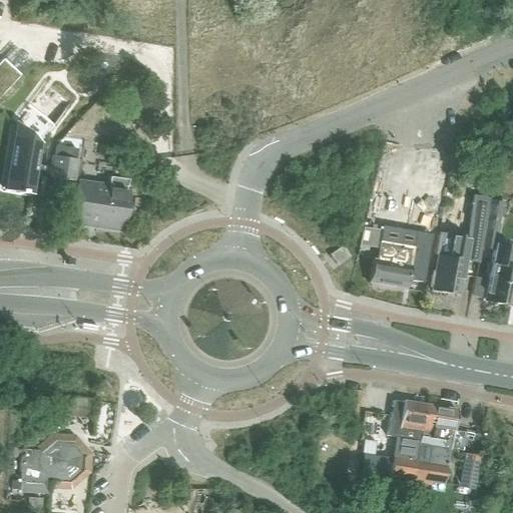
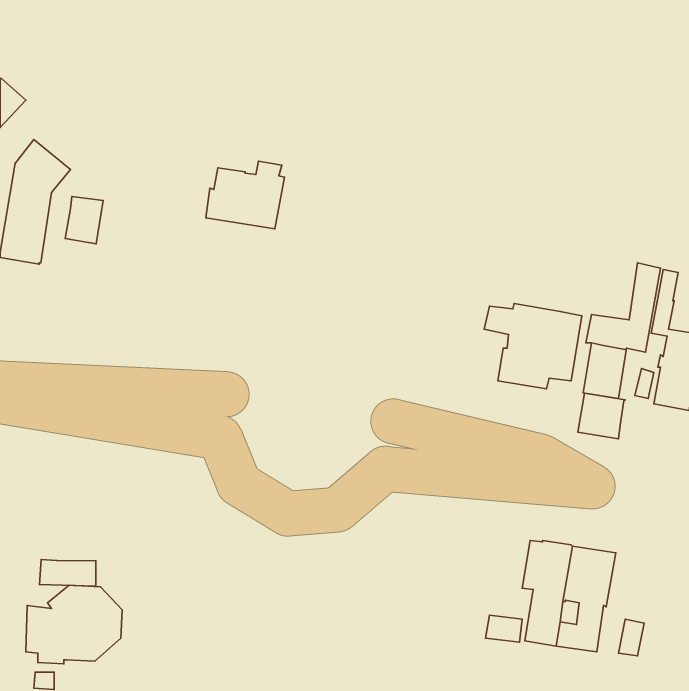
building: [73,178,131,228] -> [206,161,284,229]
building: none -> [578,393,625,439]
building: none -> [39,559,96,586]

